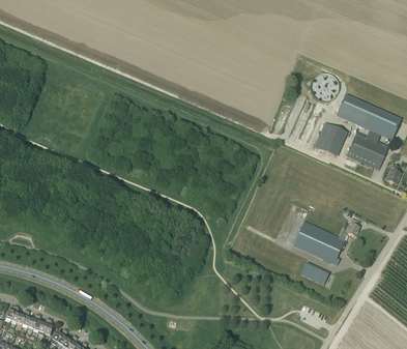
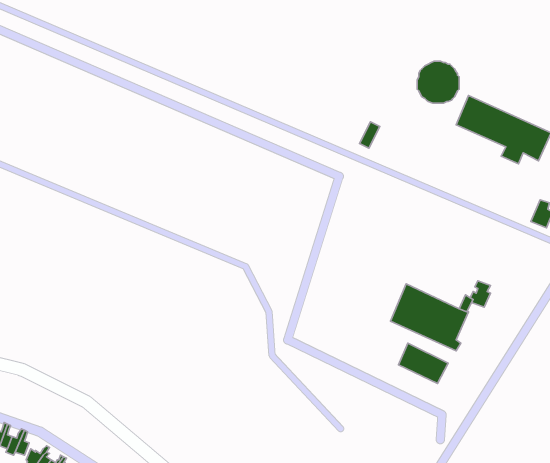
building: [314,122,346,155] -> none
building: [347,132,388,169] -> none

